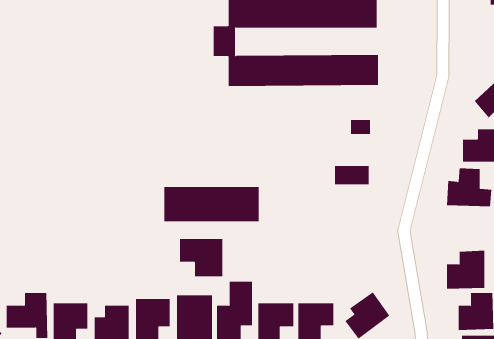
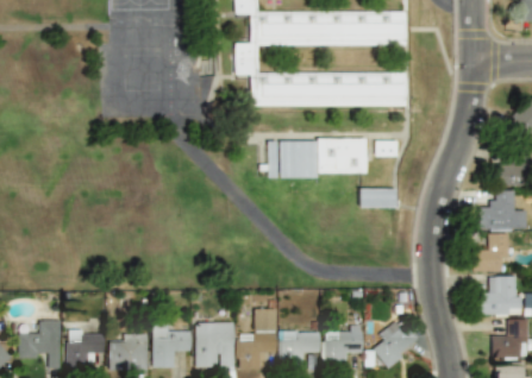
building: [163,186,260,222] -> [268,139,368,176]
building: none -> [470,233,507,271]
building: [180,238,223,277] -> none

